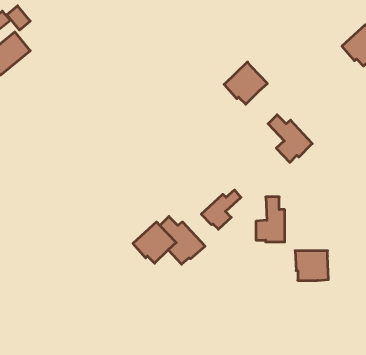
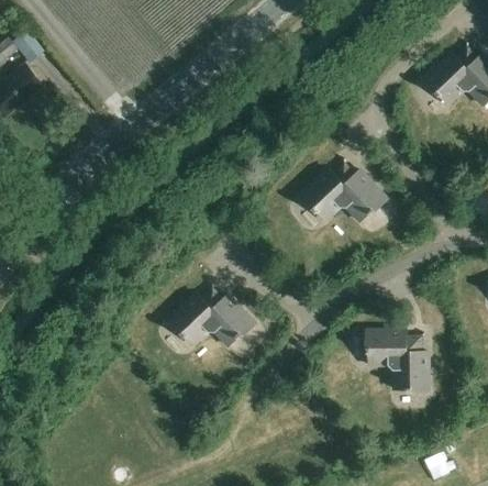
building: [224,62,267,104] -> [300,168,353,220]
building: [201,190,241,229] -> none
building: [256,197,285,242] -> [393,335,429,390]

